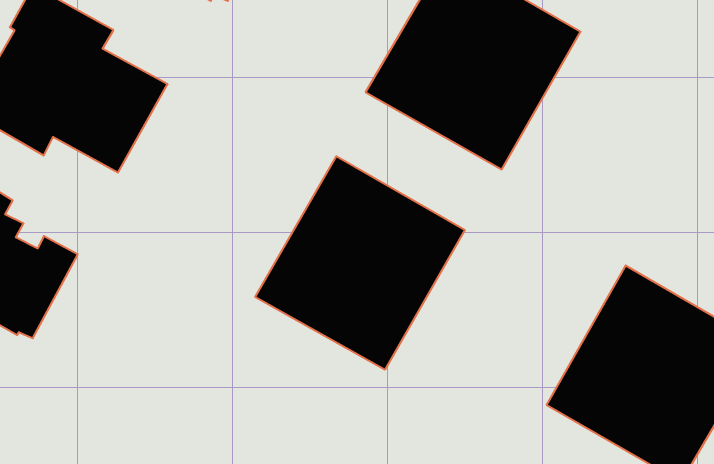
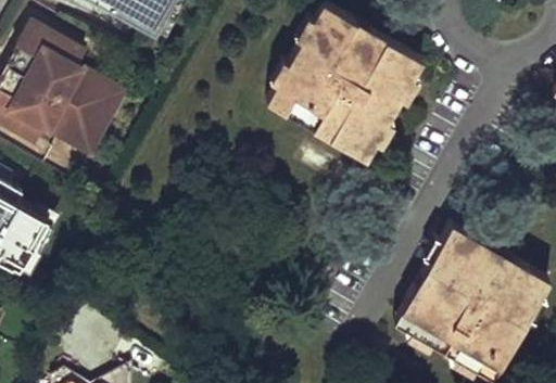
building: [255,156,465,370] -> none

